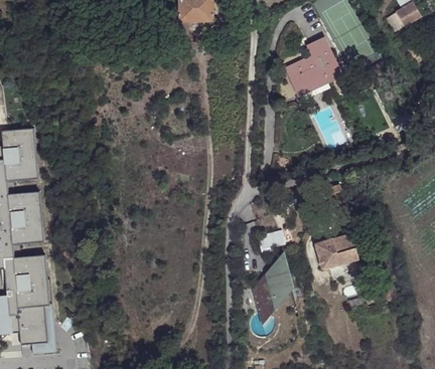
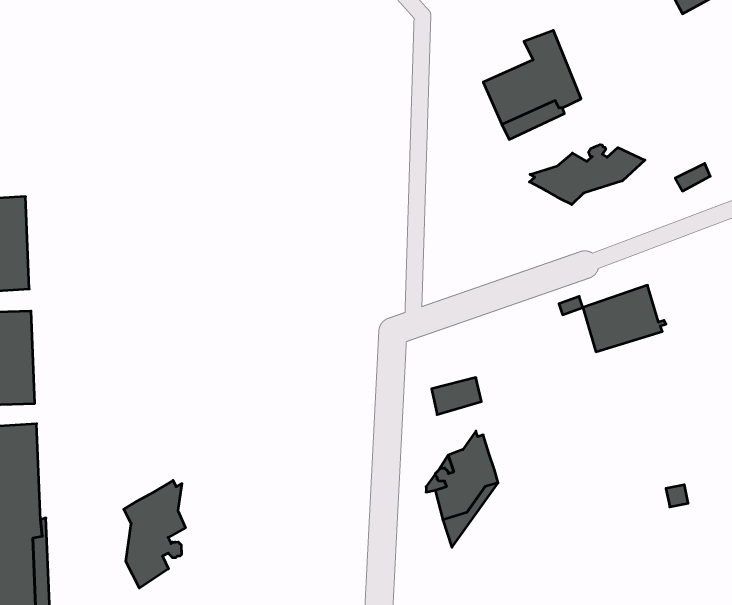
building: none -> [529,145,645,205]
building: [316,232,361,268] -> [583,285,666,352]
building: none -> [124,480,185,588]

